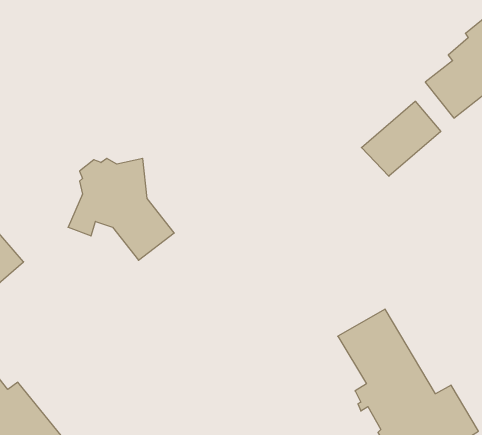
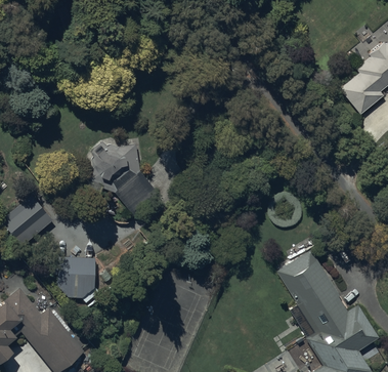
building: [361,101,441,176] -> none
building: none -> [57,257,95,299]

